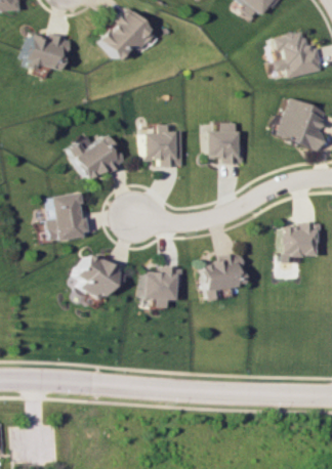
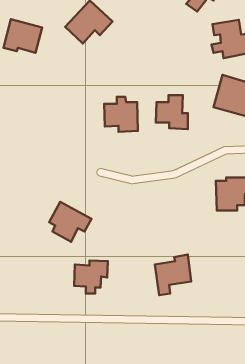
building: [67,134,123,182] -> none
building: [48,193,84,241] -> none
building: [199,252,243,301] -> [155,254,191,295]
building: [139,267,180,307] -> [74,260,108,293]

